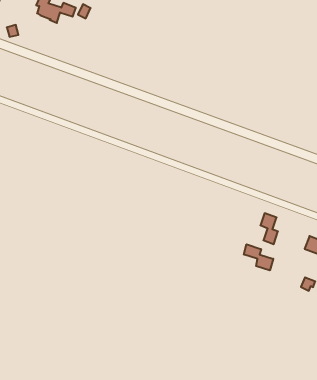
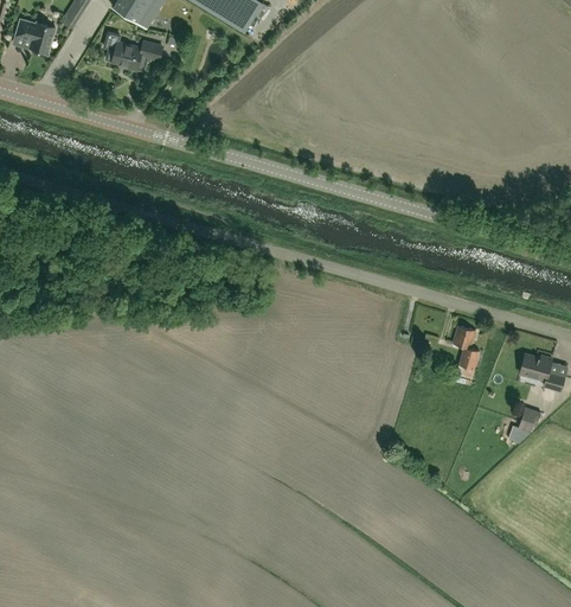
building: [244,244,273,270] -> none

